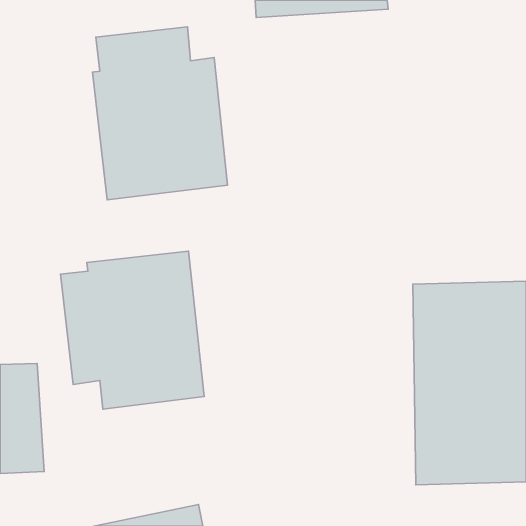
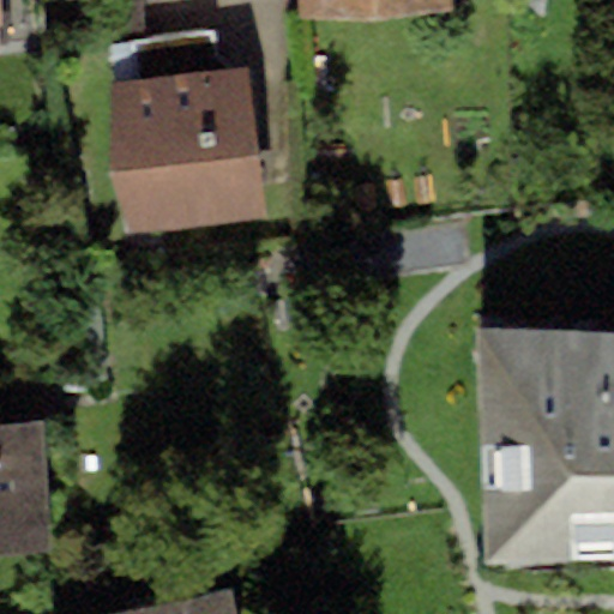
building: [61,251,204,409] -> none

